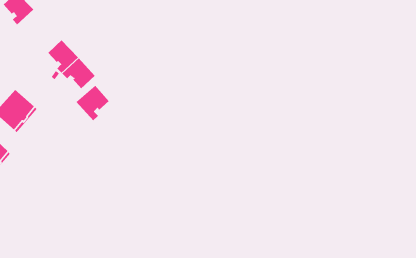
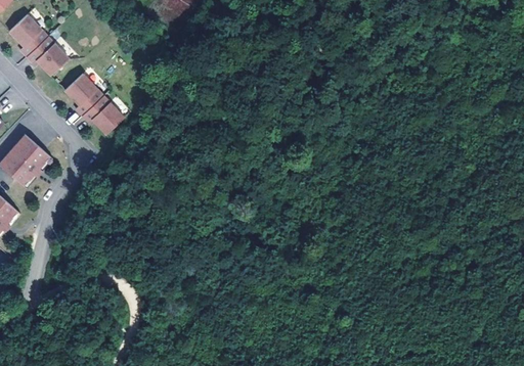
building: none -> [26,36,68,75]
building: [76,85,109,121] -> none

